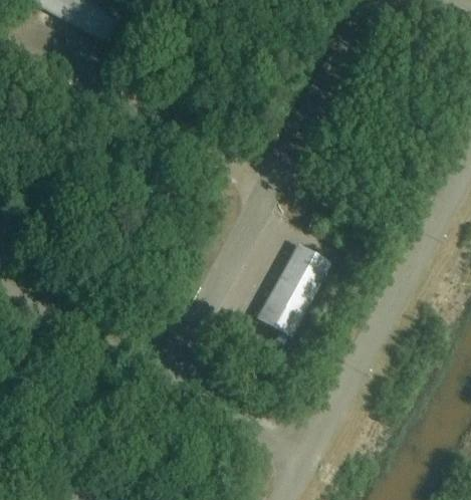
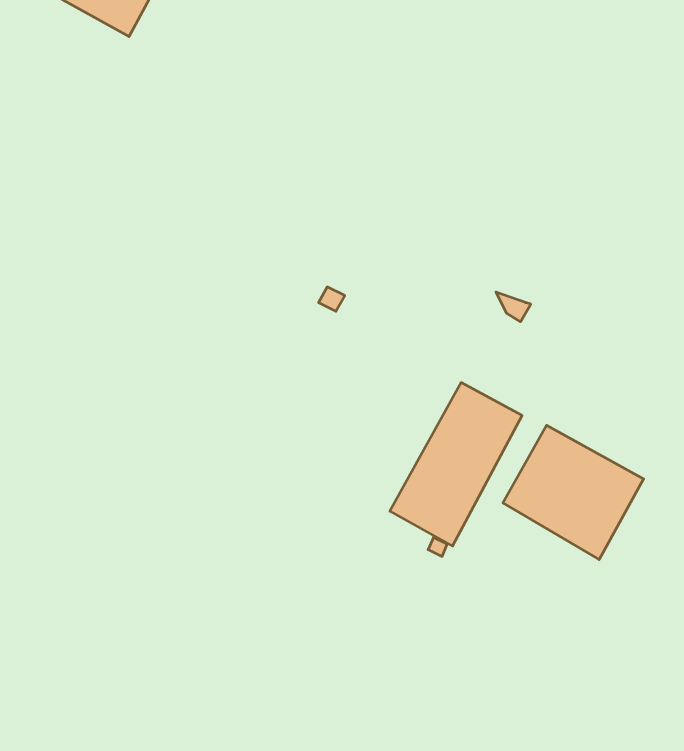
building: none -> [503,425,644,560]

